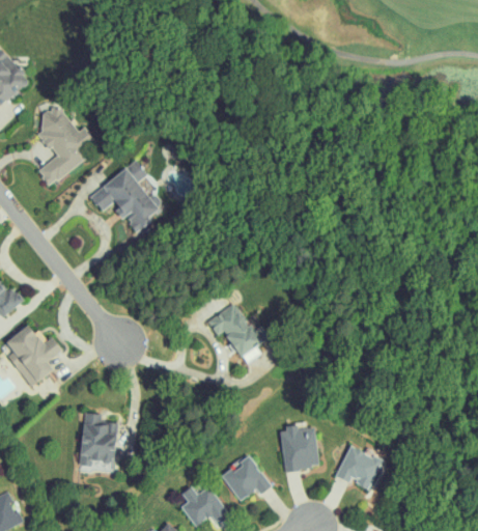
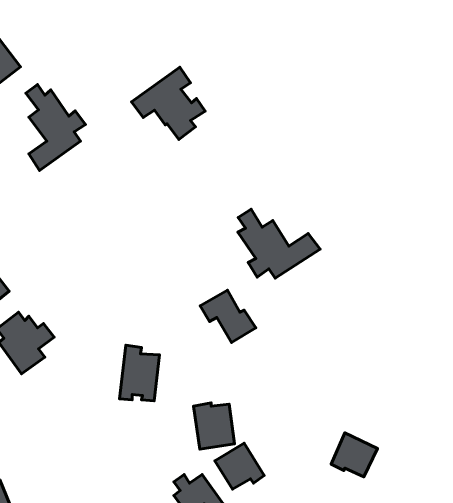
building: [89,161,162,232] -> [132,67,205,140]
building: none -> [238,209,320,278]
building: [78,413,117,468] -> [120,345,159,401]
building: [279,426,319,472] -> [193,403,234,449]

